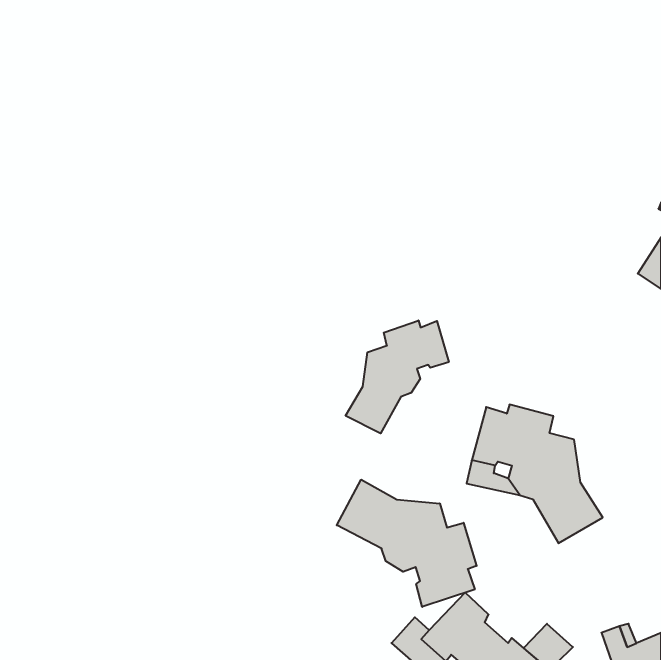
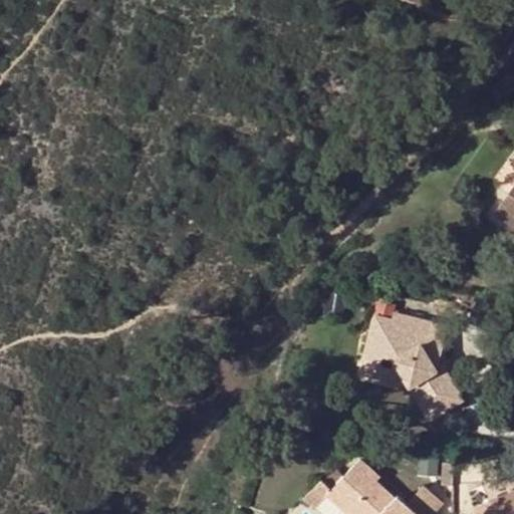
building: [346,320,449,433] -> none
building: [337,480,477,607] -> none

